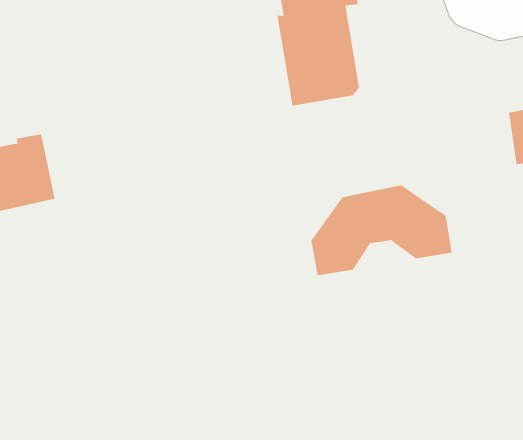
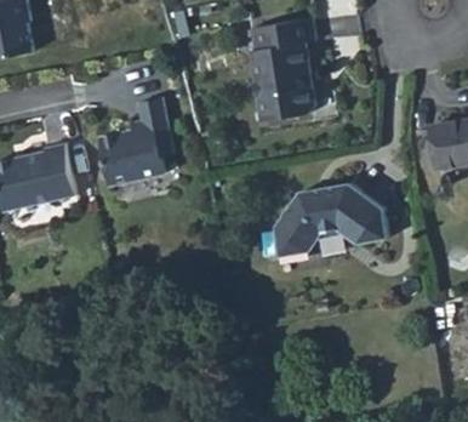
building: none -> [99,97,172,184]

